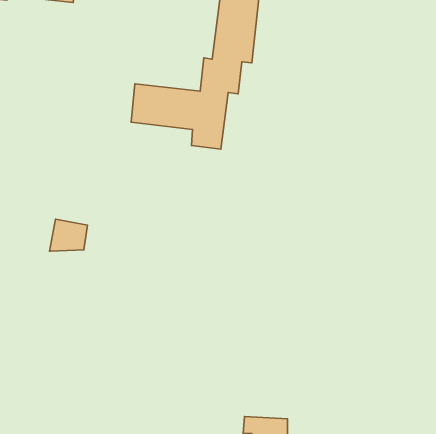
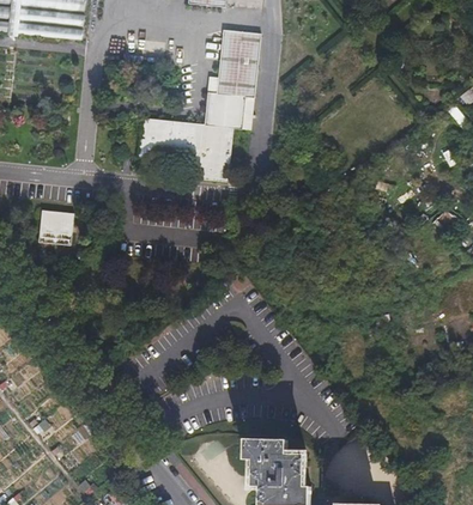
building: [49,219,88,251] -> [36,208,73,239]

